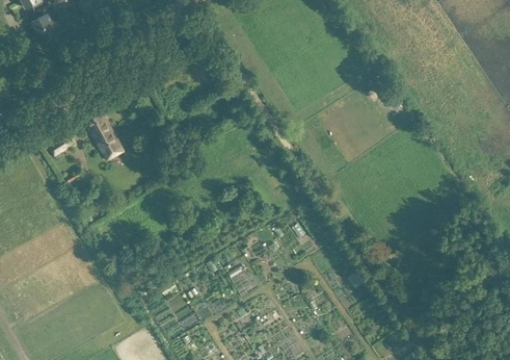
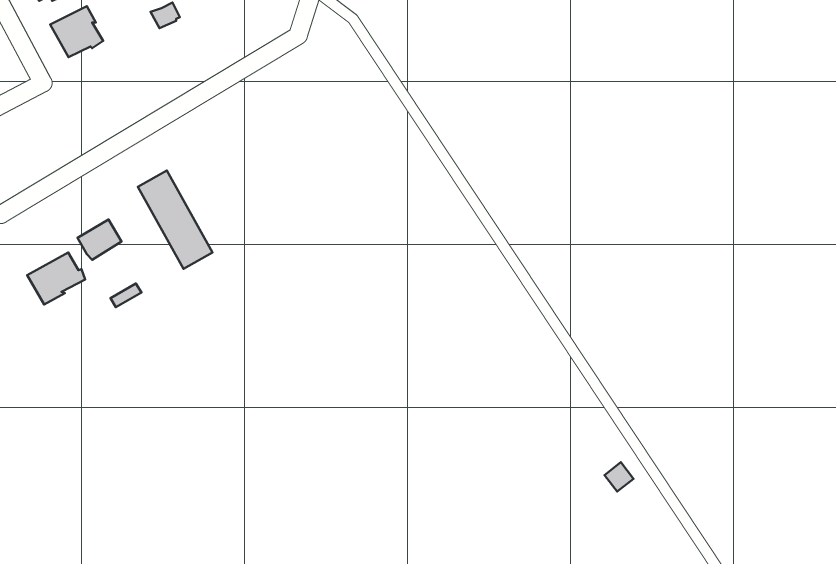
building: none -> [27,253,85,304]

